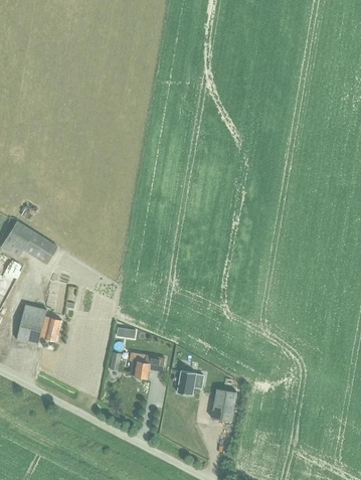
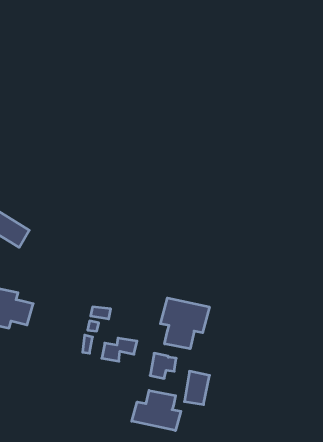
building: none -> [160,298,209,349]
building: none -> [132,390,181,431]

